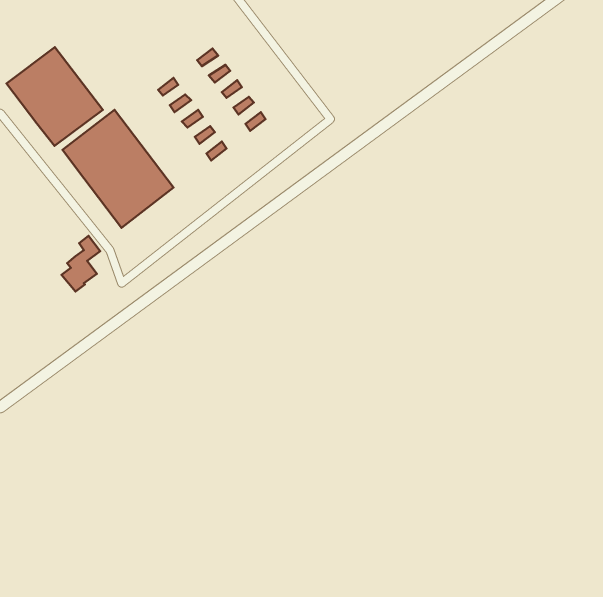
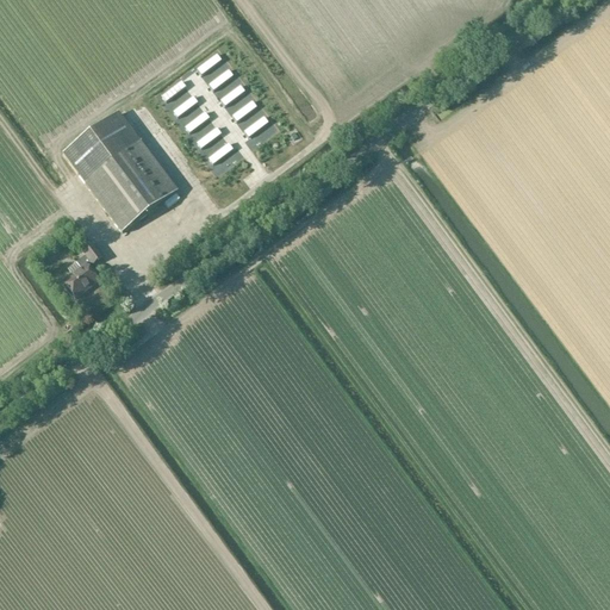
building: [6,47,103,146] -> none

